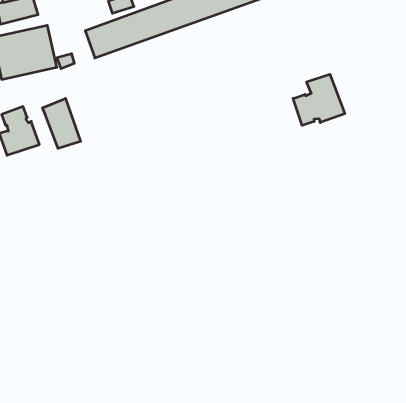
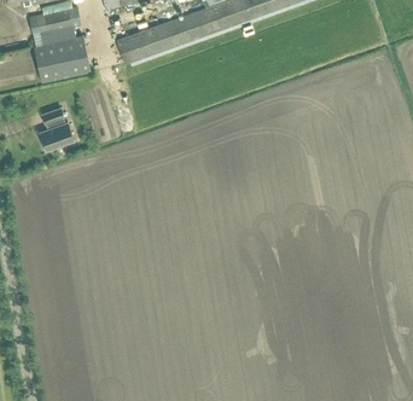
building: [293,74,345,125] -> none
building: [43,98,81,148] -> none

